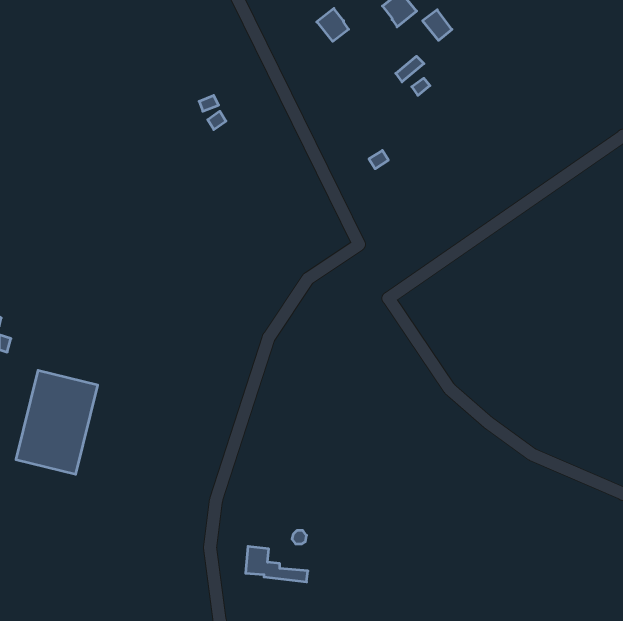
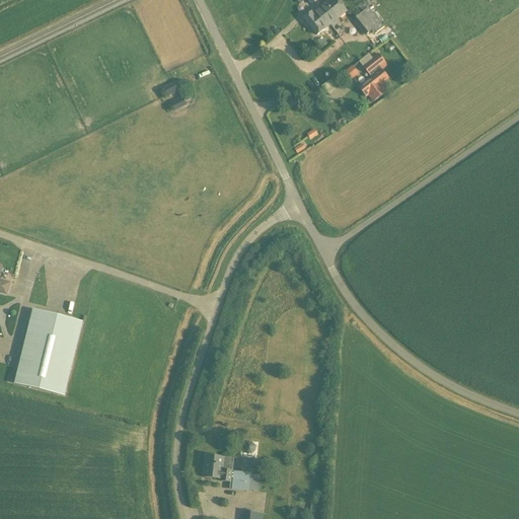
building: [317,8,349,41] -> [303,5,329,32]
building: none -> [358,50,387,99]

